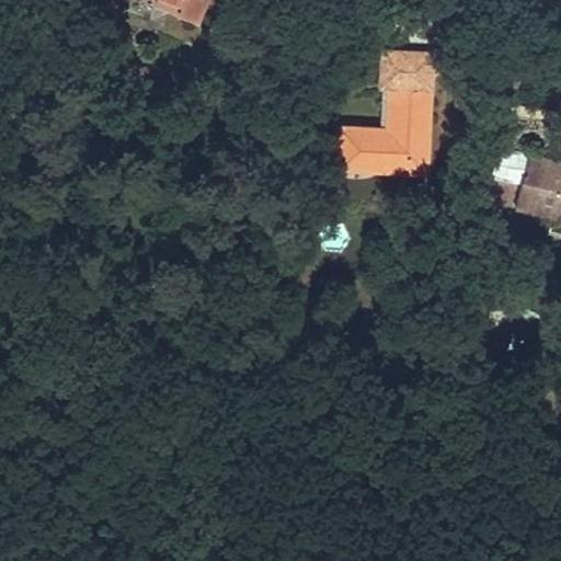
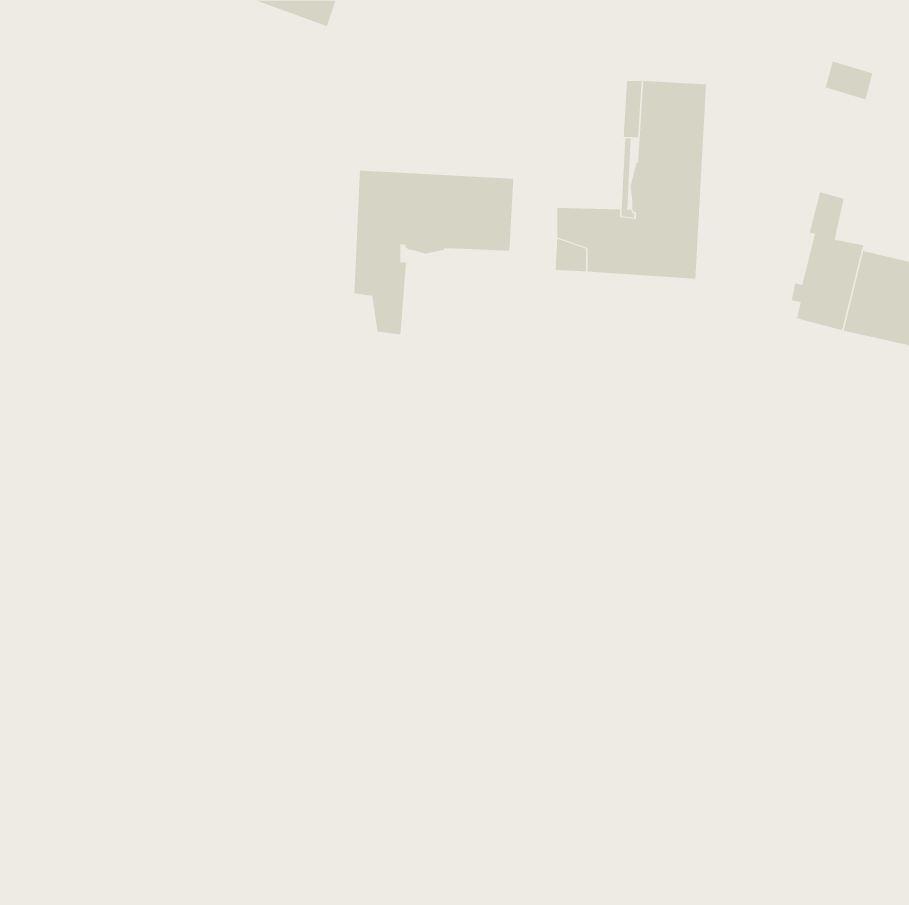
building: none -> [354,170,514,335]

